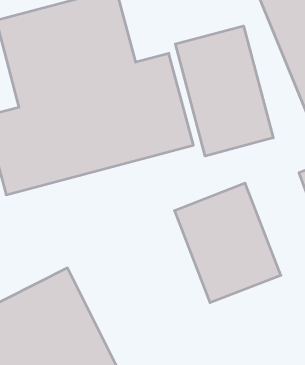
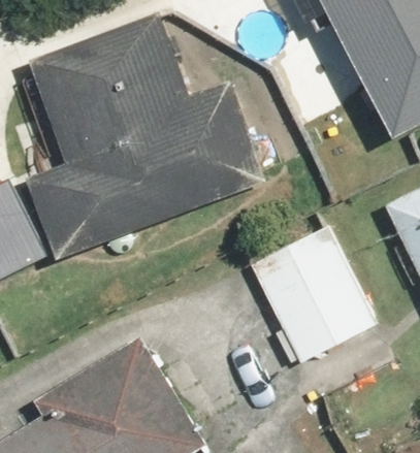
building: [175,26,273,156] -> none

